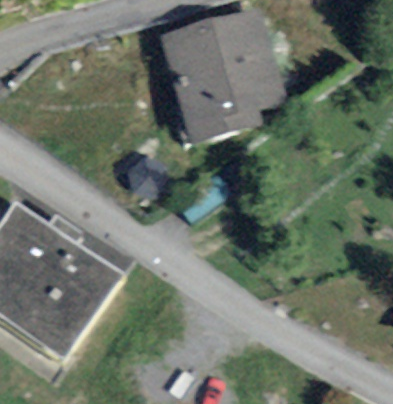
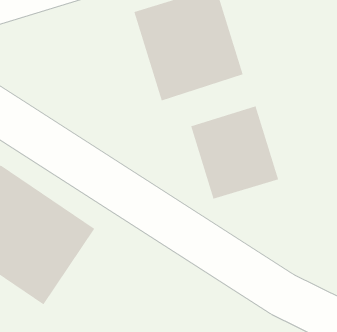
building: none -> [190,105,279,200]

